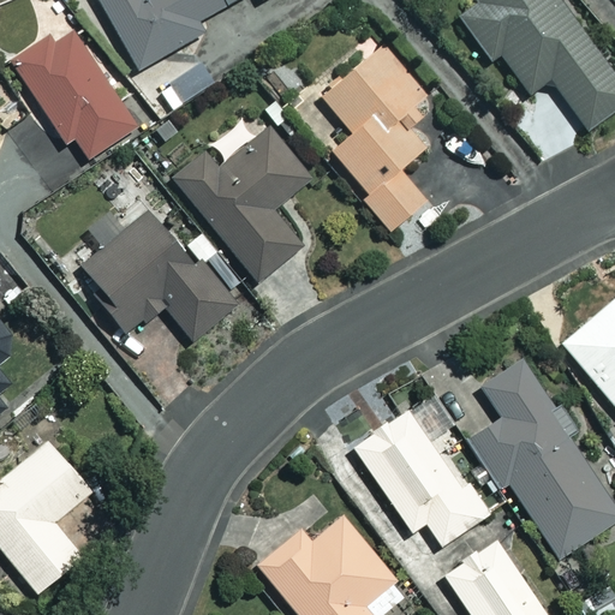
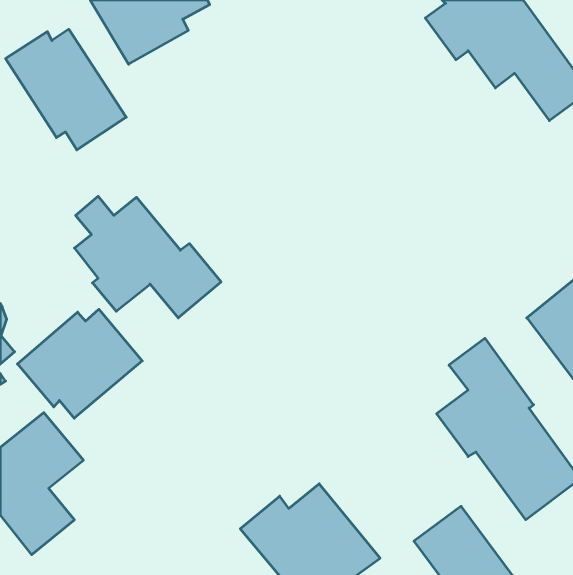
building: [322,43,428,231] -> none
building: [172,129,311,281] -> none
building: none -> [17,309,142,418]
building: [356,410,489,547] -> none

